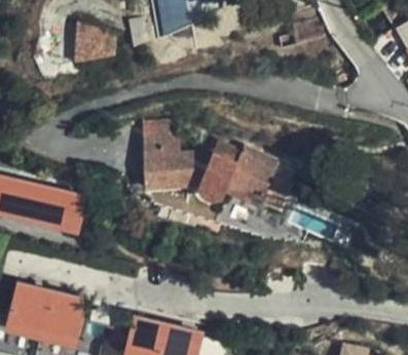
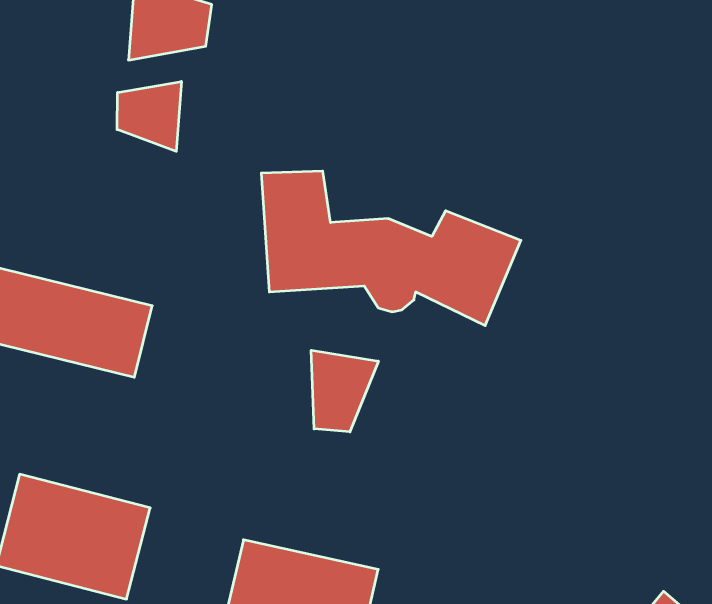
building: none -> [117,81,181,151]
building: none -> [311,350,378,432]

